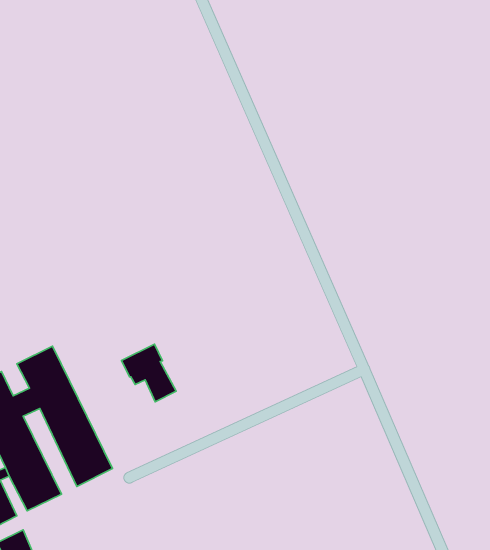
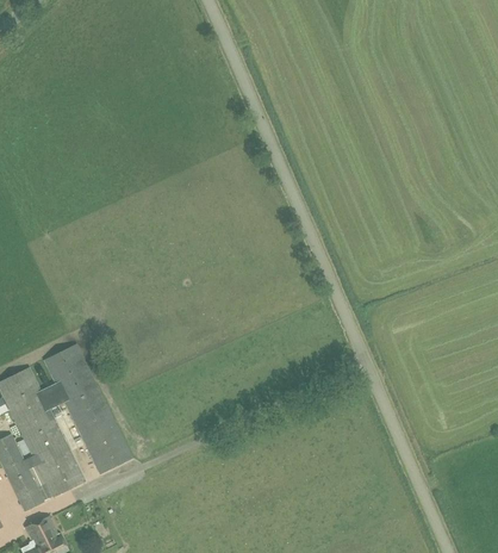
building: [122,344,176,402] -> none

